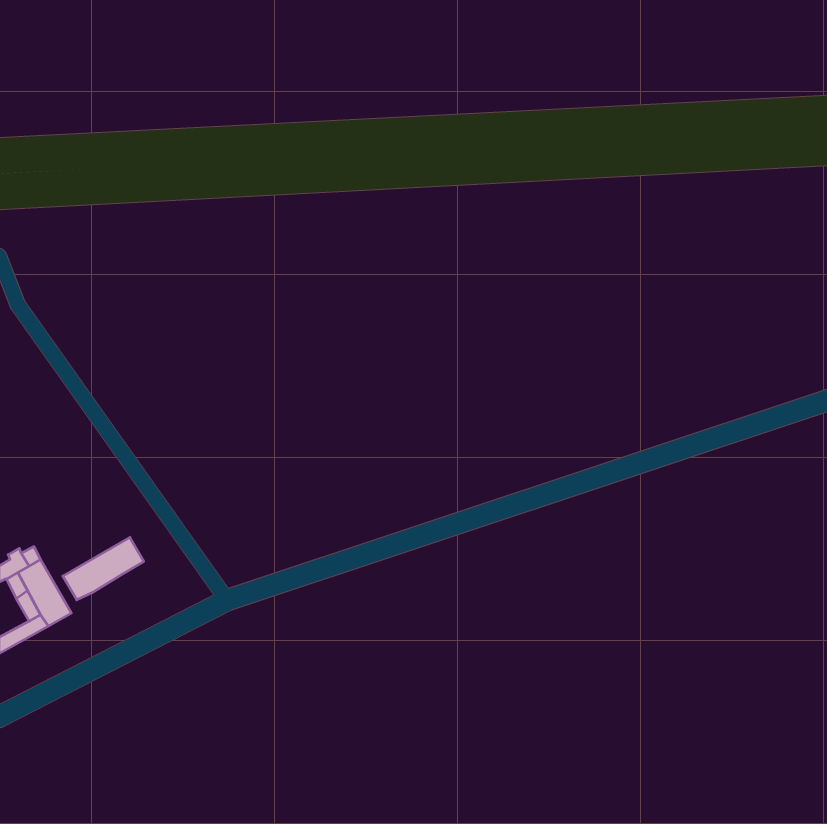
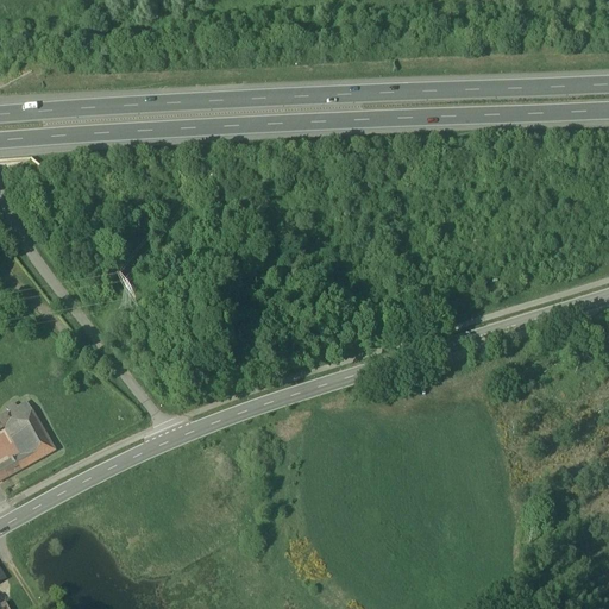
building: [63,537,144,600] -> none

